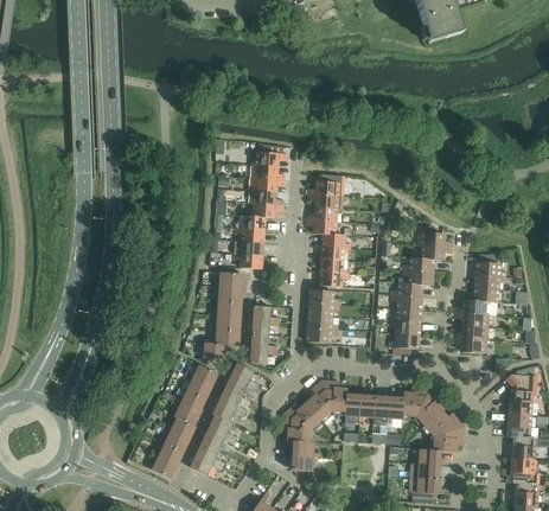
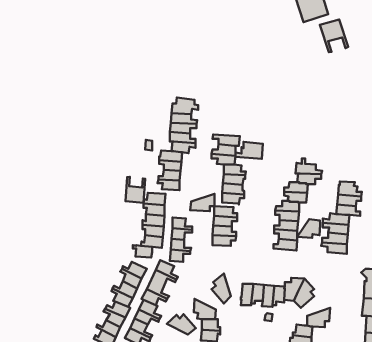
building: none -> [320,19,348,52]
building: [307,173,344,196] -> [235,142,263,159]
building: none -> [125,177,145,203]
building: none -> [190,194,215,211]
building: none -> [297,219,320,238]
building: [321,379,346,411] -> none
building: [282,401,321,428] -> [167,314,196,334]
building: [424,410,464,436] -> none

